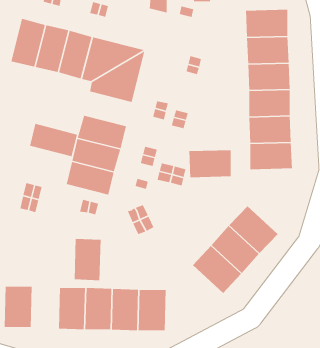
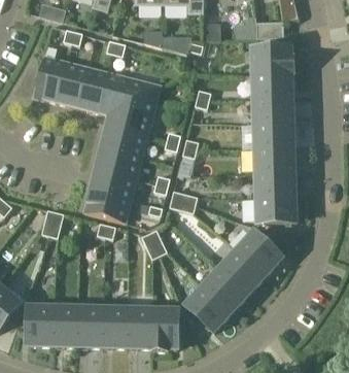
building: [29,123,78,157] -> [101,125,146,157]
building: [188,149,232,178] -> [255,197,295,224]
building: [74,238,101,281] -> [53,306,78,346]
building: none -> [185,286,231,332]

